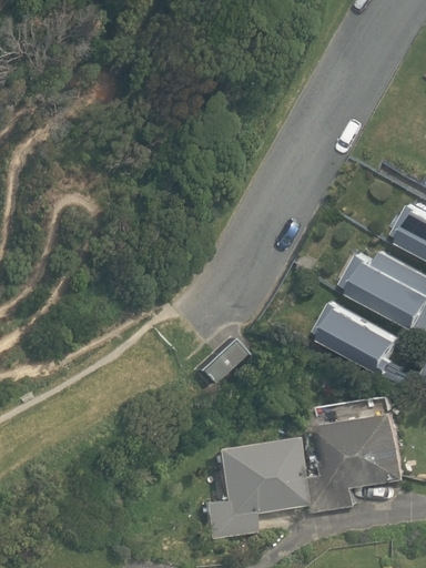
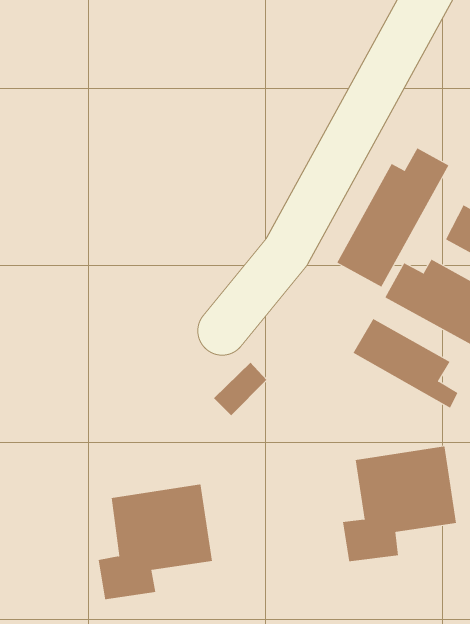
building: none -> [337,148,449,288]
building: [199,440,297,540] -> [98,484,213,600]

